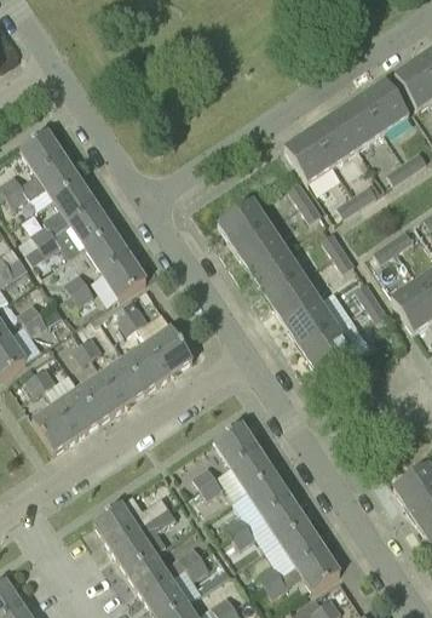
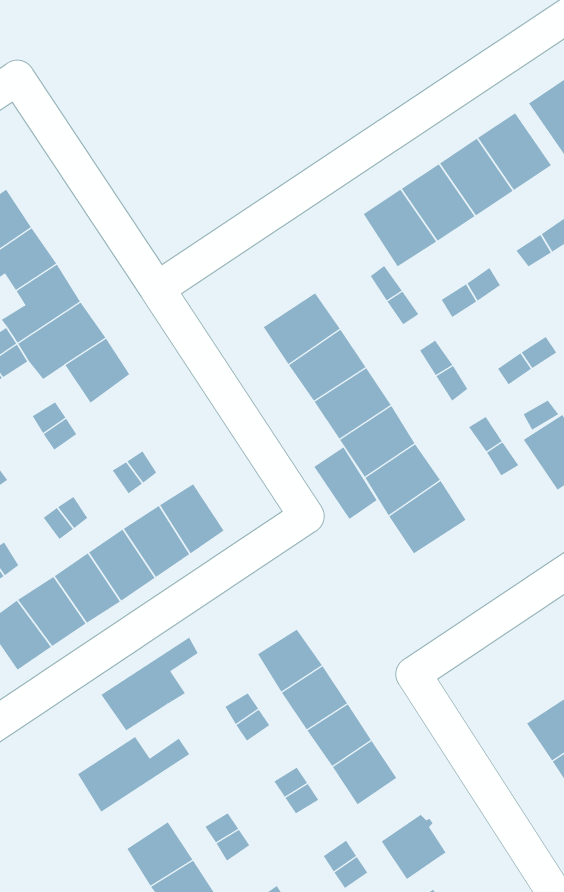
building: [103,253,146,297] -> none
building: none -> [314,446,378,520]
building: [110,507,175,570] -> [100,637,199,731]
building: [281,522,323,565] -> none

